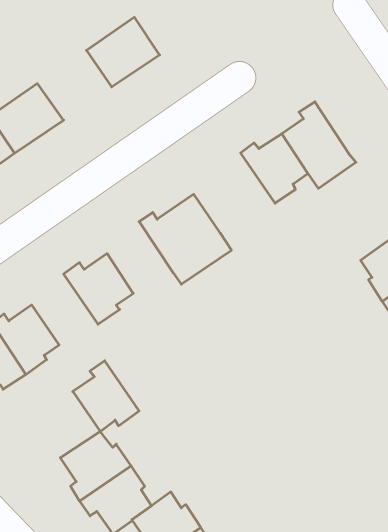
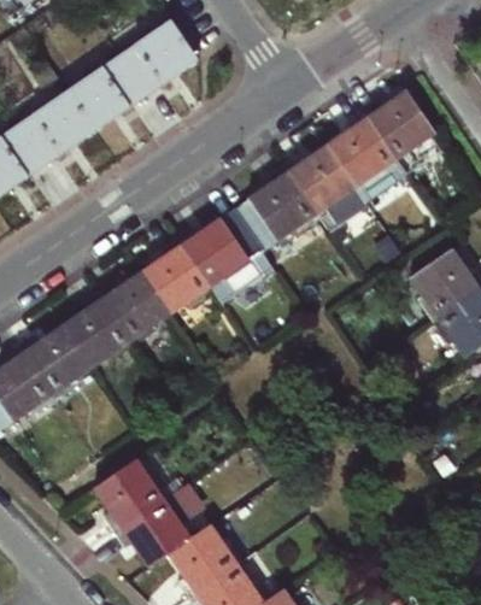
building: none -> [69,55,147,129]
building: none -> [362,89,434,165]
building: none -> [234,164,319,248]
building: none -> [142,236,212,312]
building: [73,361,139,432] -> [63,292,133,366]

